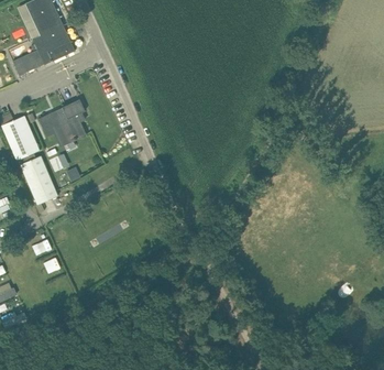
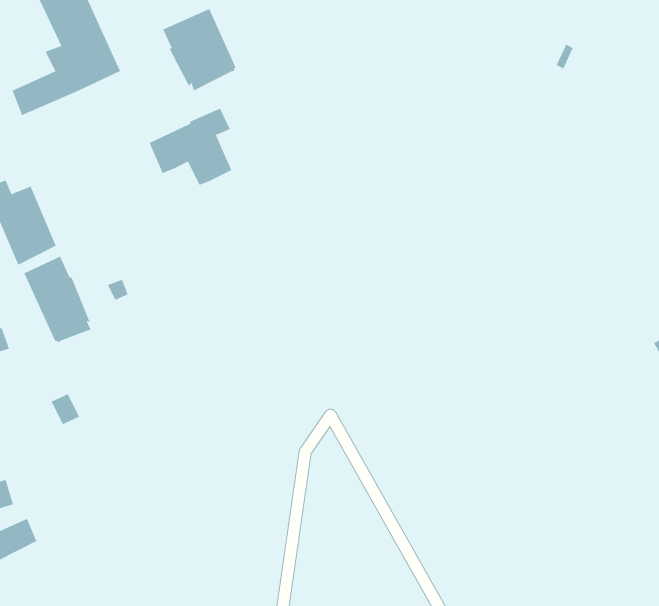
building: none -> [162,8,236,91]
building: [37,99,85,143] -> [149,108,232,186]

